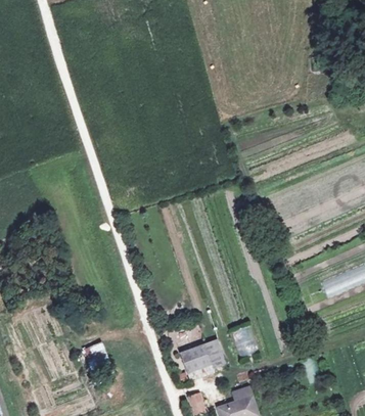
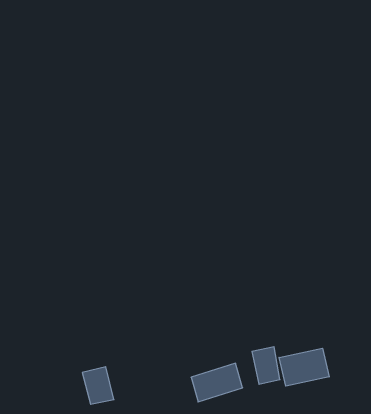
building: none -> [279,348,329,386]

